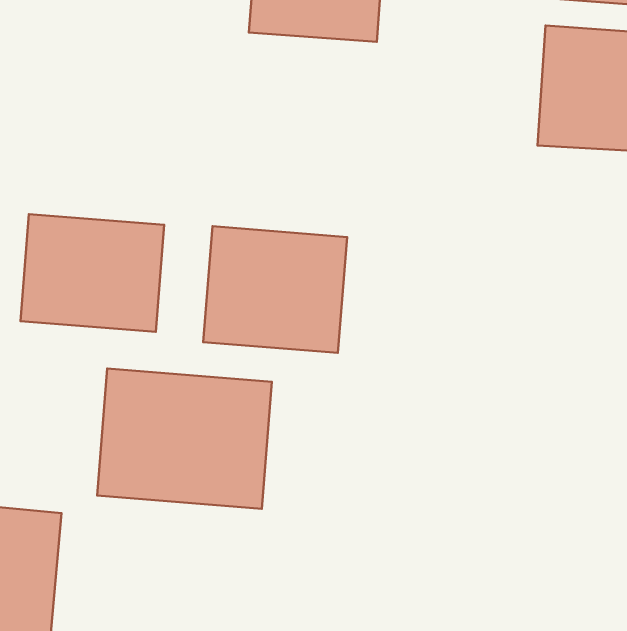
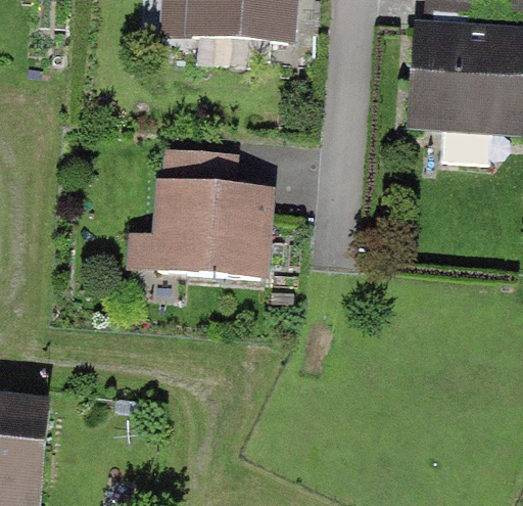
building: [20,214,164,332] -> none
building: [97,369,272,509] -> none

